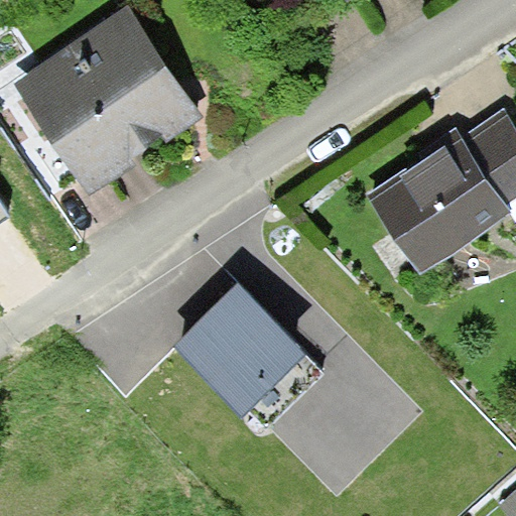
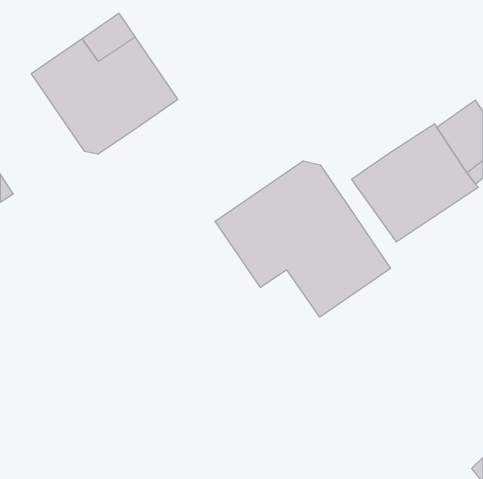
building: none -> [215,161,391,317]
building: [171,285,316,435] -> none

